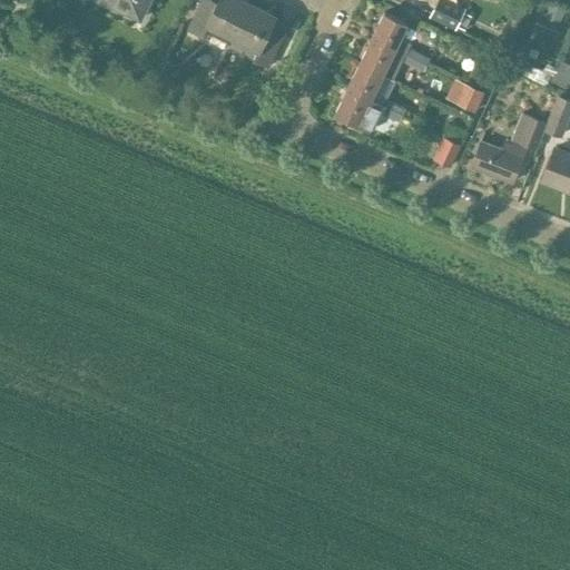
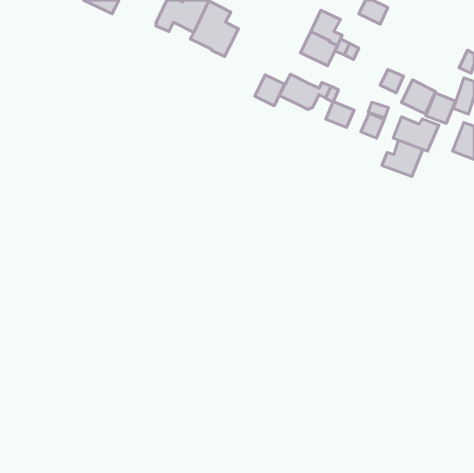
building: [348,65,384,101] -> [255,75,285,105]
building: none -> [402,80,436,114]
building: none -> [326,101,354,127]
building: none -> [382,140,423,176]

